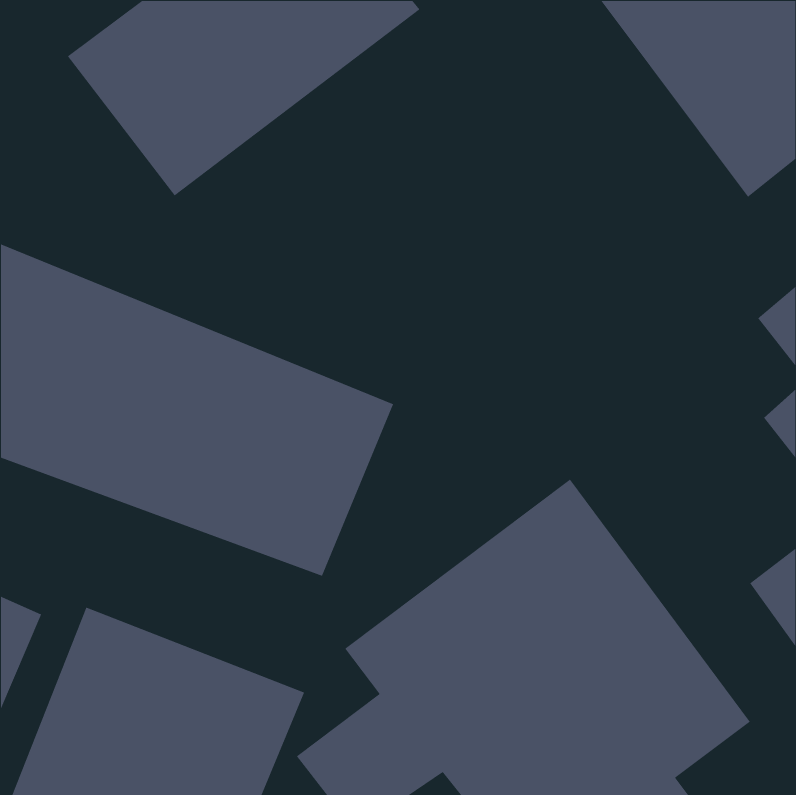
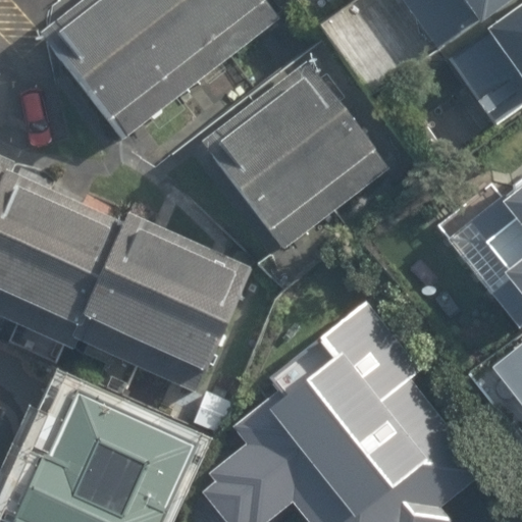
building: none -> [196,56,383,249]

